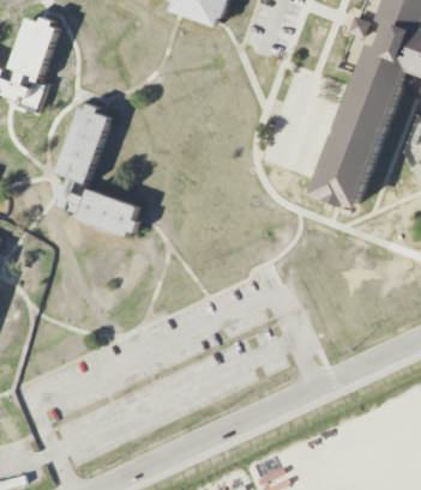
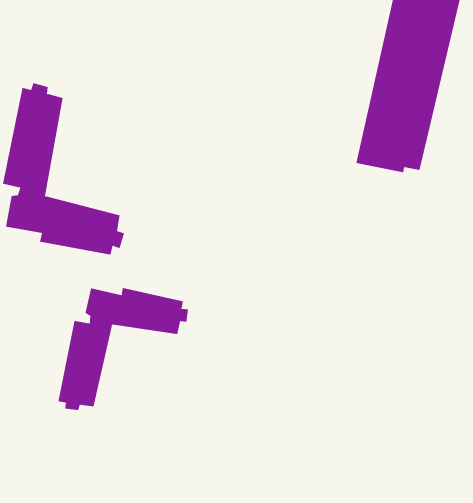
building: none -> [58,287,188,411]

